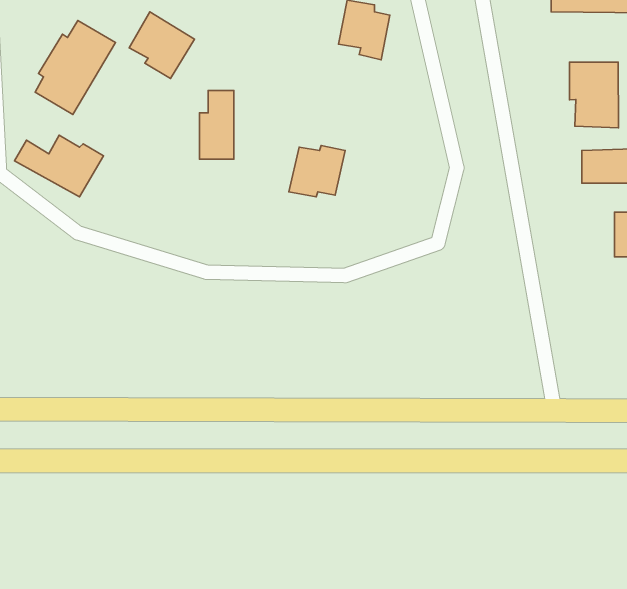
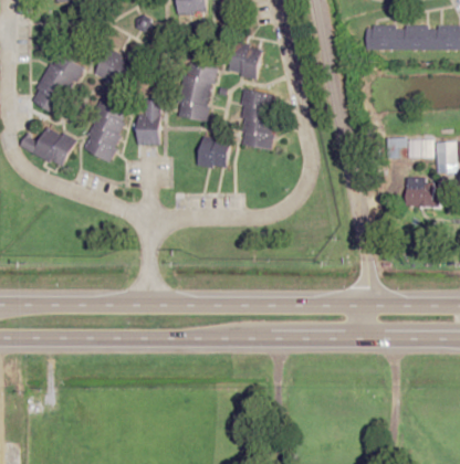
building: none -> [179,64,217,122]
building: [569,62,618,128] -> none
building: none -> [238,88,273,151]
building: none -> [86,95,127,160]

